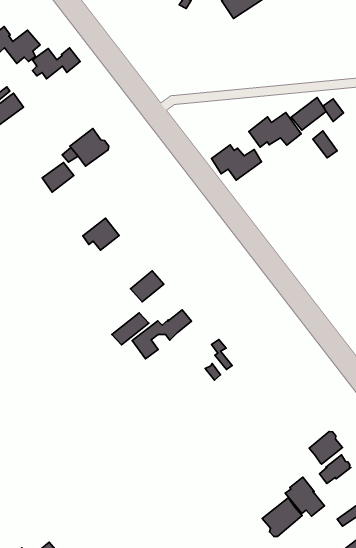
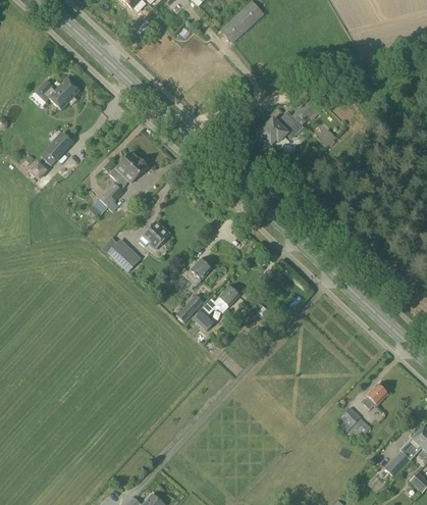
building: [32,48,80,79] -> none
building: [211,145,262,180] -> none
building: none -> [101,237,141,271]
building: [309,432,343,464] -> none
building: [262,498,302,537] -> none

